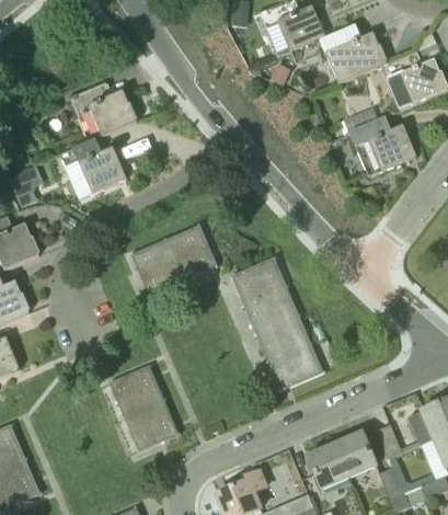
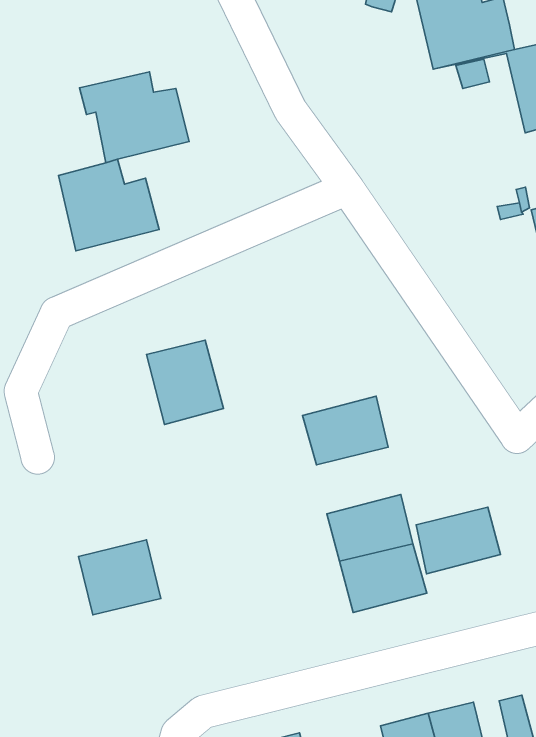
building: [165,226,216,279] -> none
building: [244,287,298,333] -> [416,507,500,574]
building: [124,400,177,450] -> none

